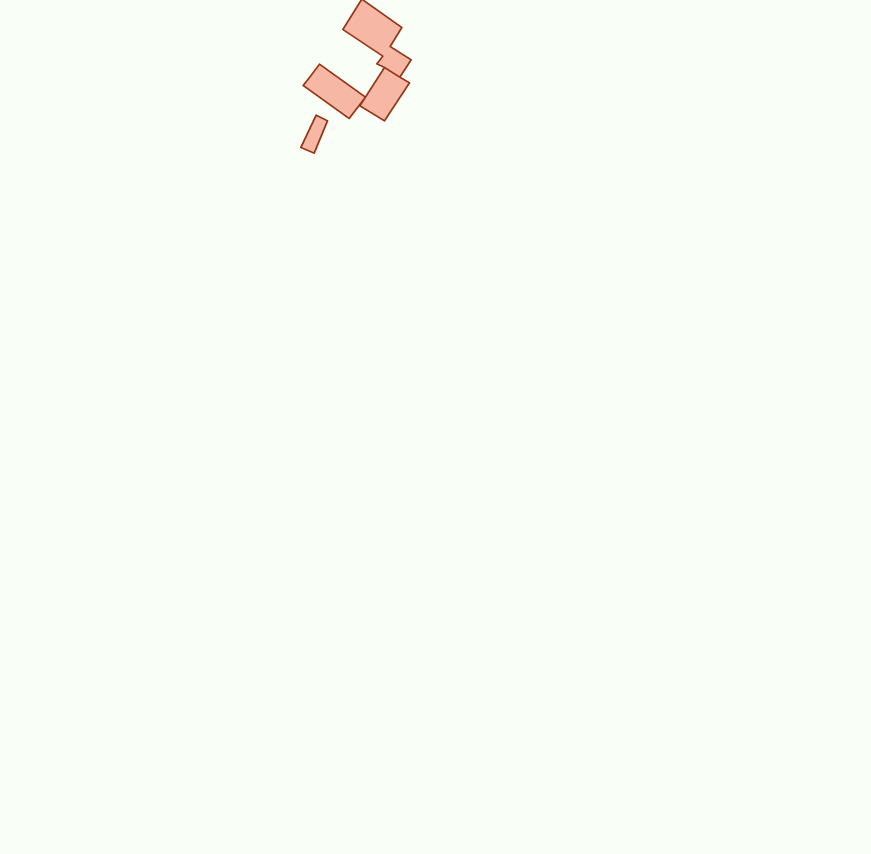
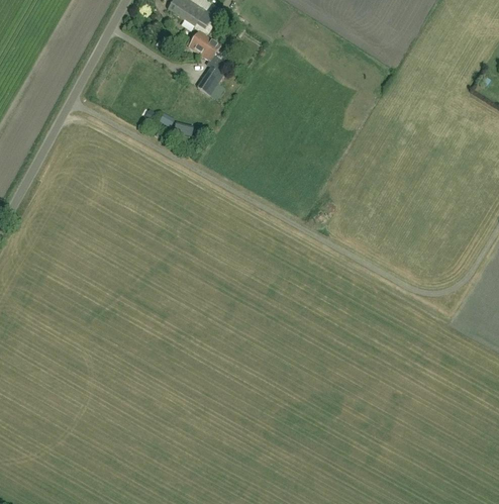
building: [303,64,365,118] -> none

